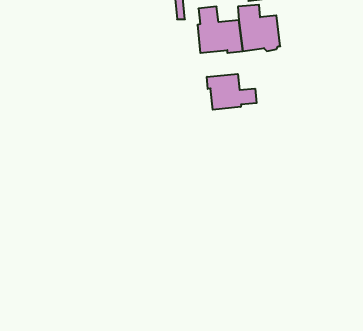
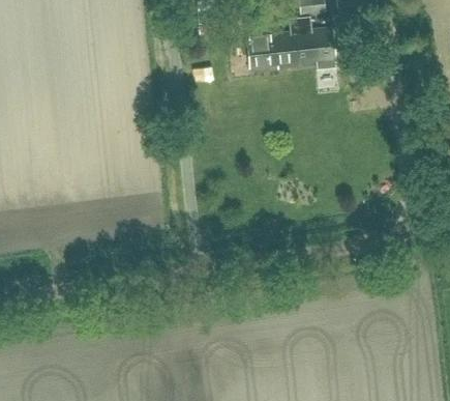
building: [207,74,257,110] -> none

